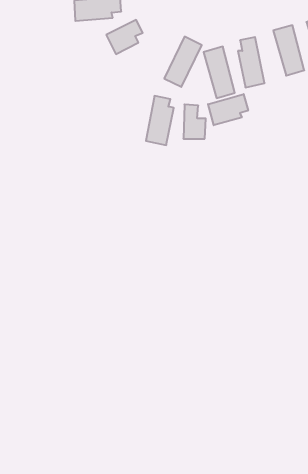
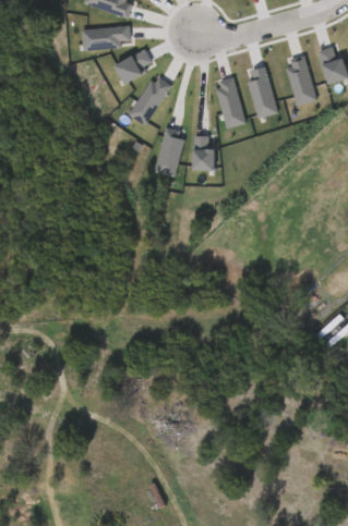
building: [164,37,202,87] -> [130,74,168,125]
building: [208,94,248,125] -> none

